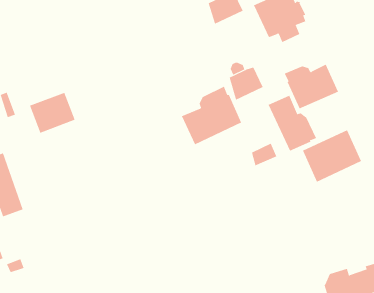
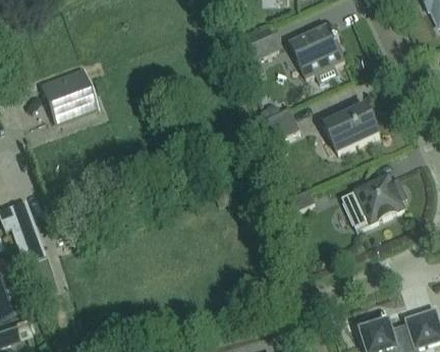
building: [181,86,242,145] -> none
building: [29,92,75,133] -> [46,71,95,115]
building: [268,95,317,151] -> none

